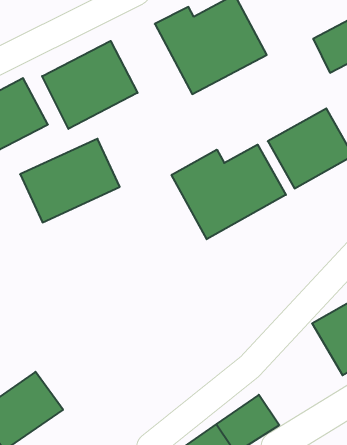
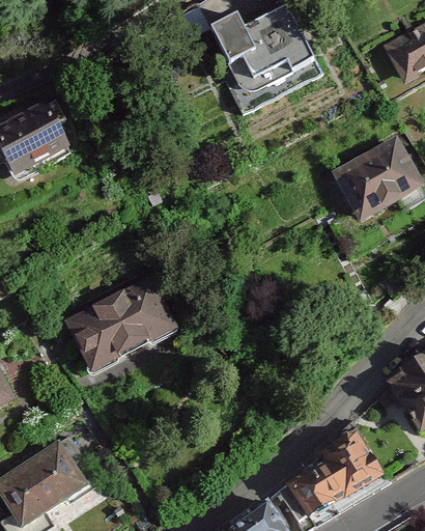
building: [42,41,138,129] -> none
building: [20,139,120,222] -> [60,276,176,373]
building: [172,145,286,239] -> none
building: none -> [319,422,380,498]

